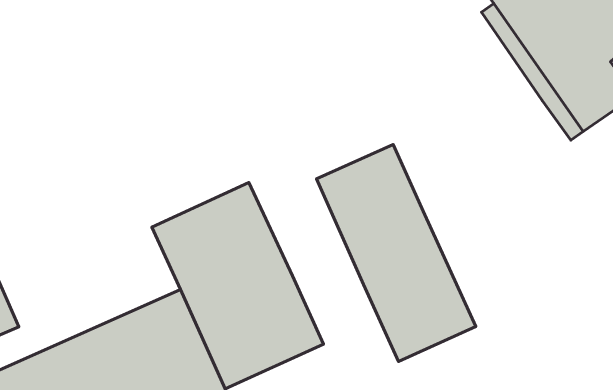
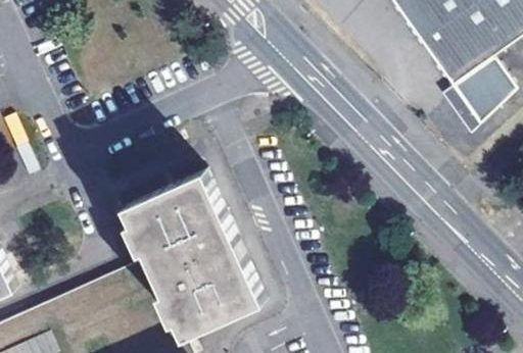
building: [316,145,476,362] -> none

